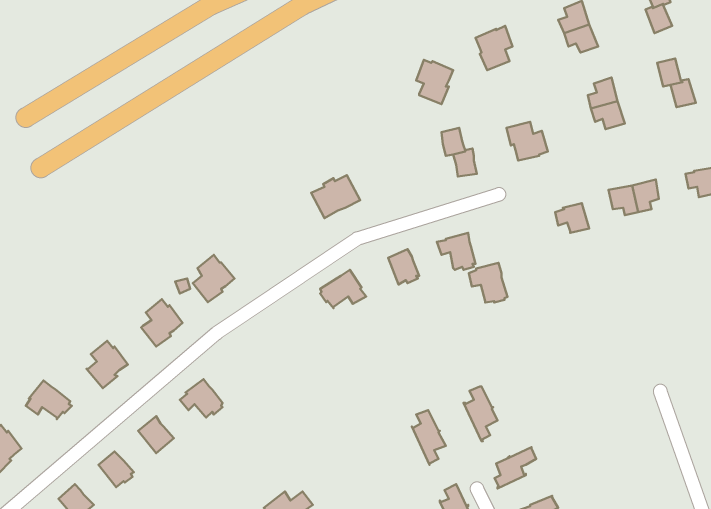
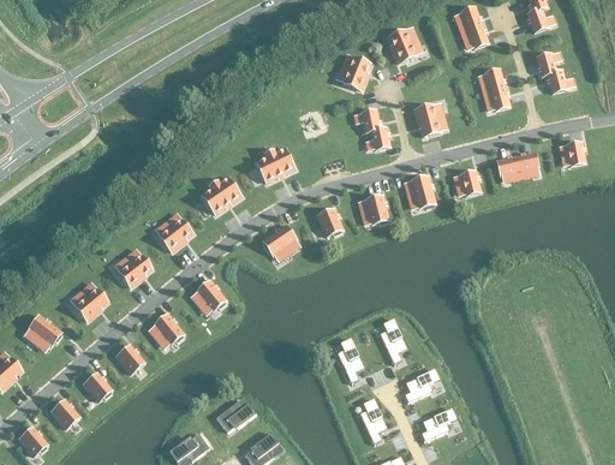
building: none -> [201,177,240,214]
building: [469,263,507,303] -> [404,175,435,208]
building: none -> [190,280,226,311]

